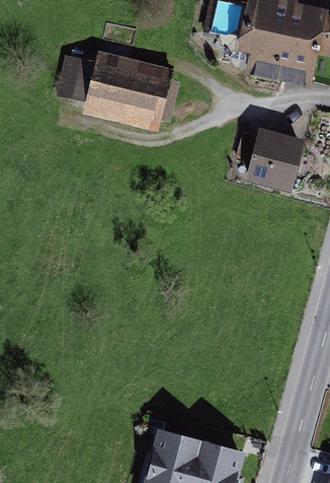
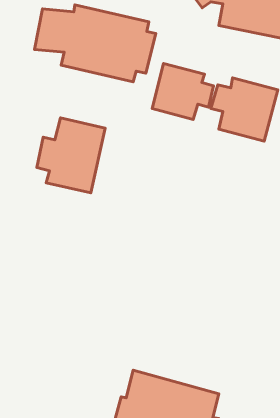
building: none -> [152,63,213,119]
building: none -> [37,118,105,193]

